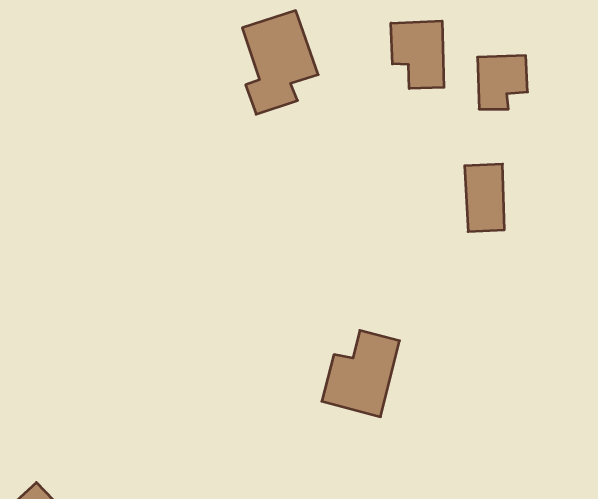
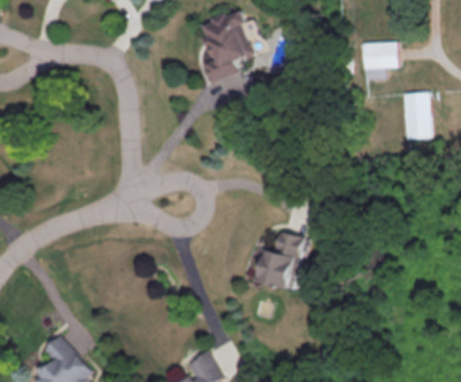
building: [391,21,444,89] -> none
building: [465,164,504,232] -> [403,92,430,138]

